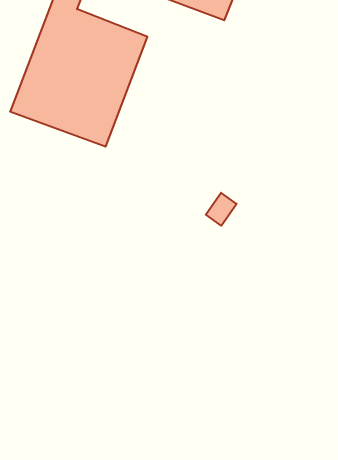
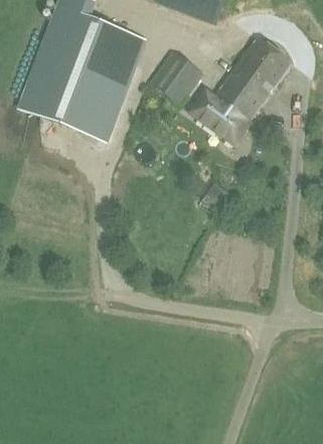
building: none -> [190,35,292,143]
building: none -> [149,50,201,103]

